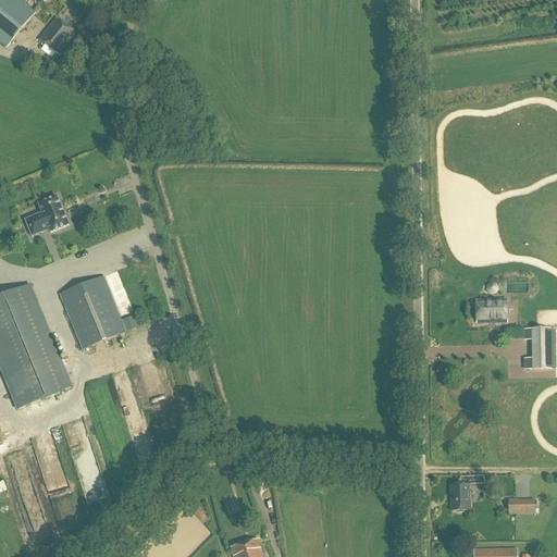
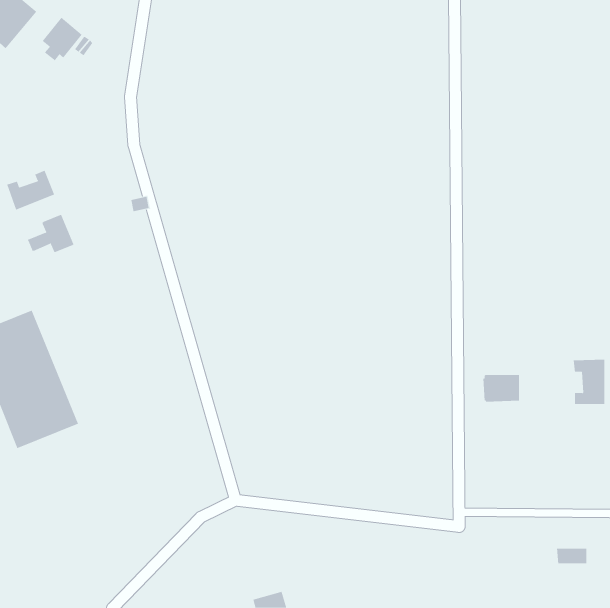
building: none -> [7,170,55,210]
building: [60,274,124,348] -> none
building: [473,297,507,322] -> [483,375,520,402]
building: [450,484,470,510] -> none

